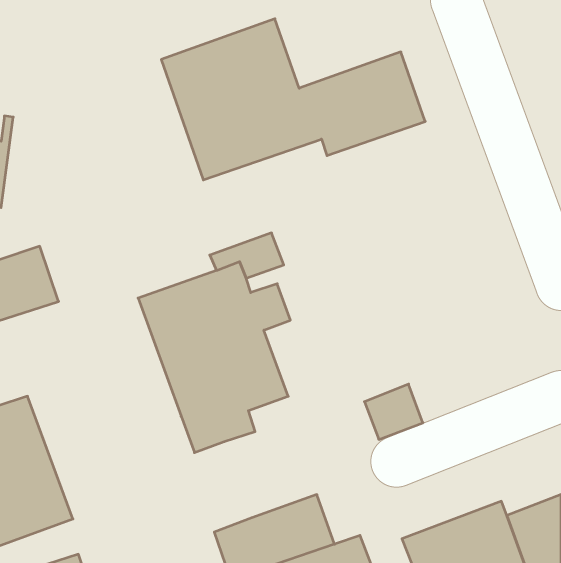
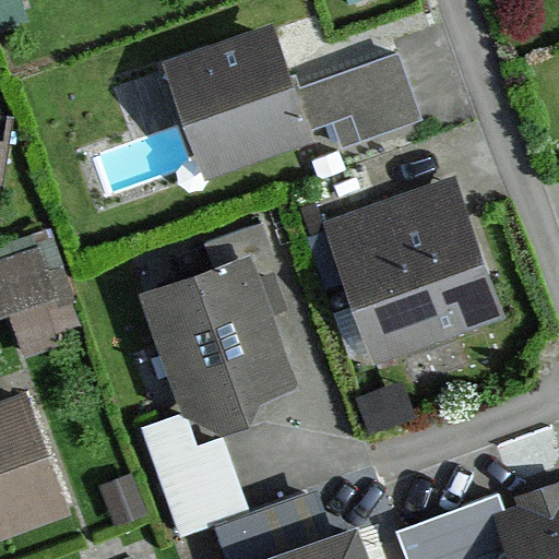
building: none -> [321,174,506,365]
building: none -> [140,413,249,538]

